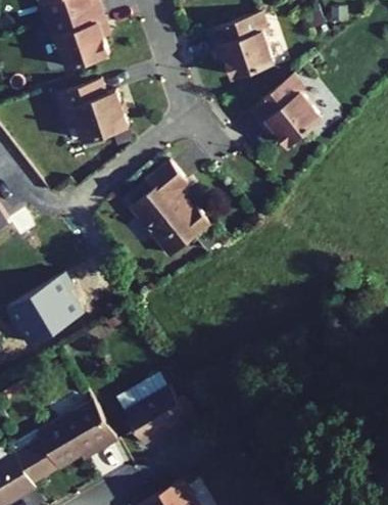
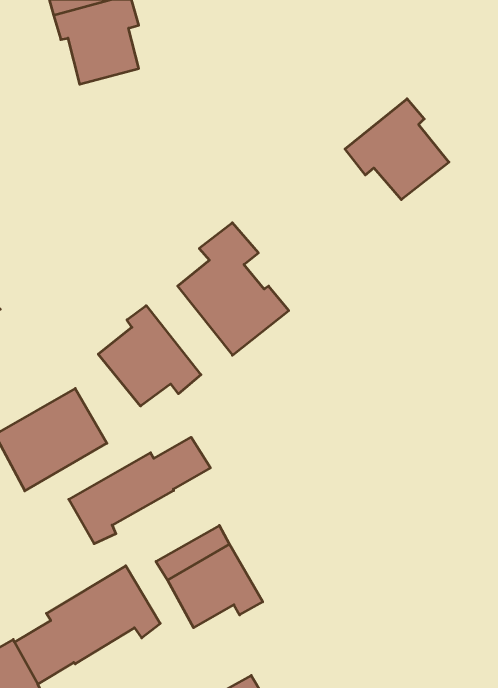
building: [210,9,276,75] -> none
building: [64,75,134,137] -> none
building: none -> [98,306,201,406]
building: none -> [69,437,210,544]

